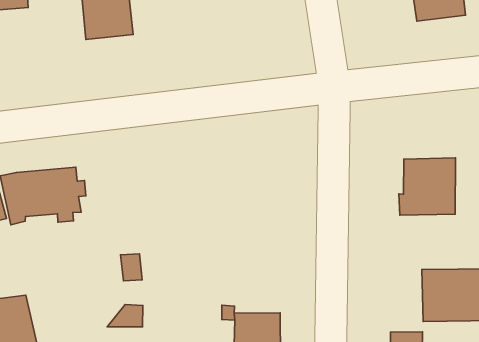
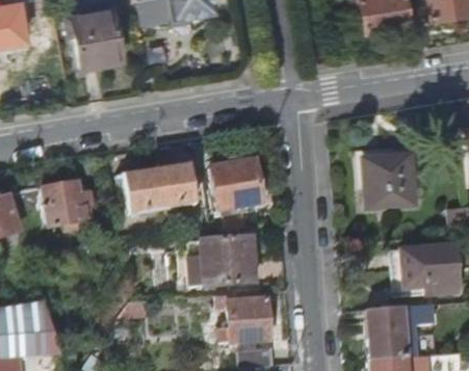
building: none -> [212,158,263,211]
building: none -> [124,163,197,213]
building: none -> [202,236,259,287]

